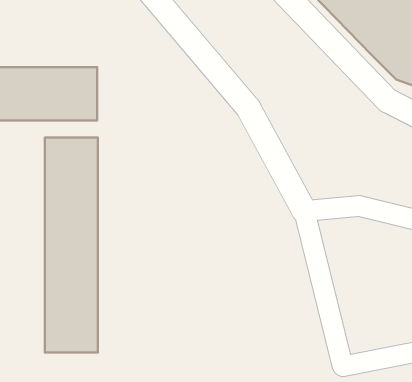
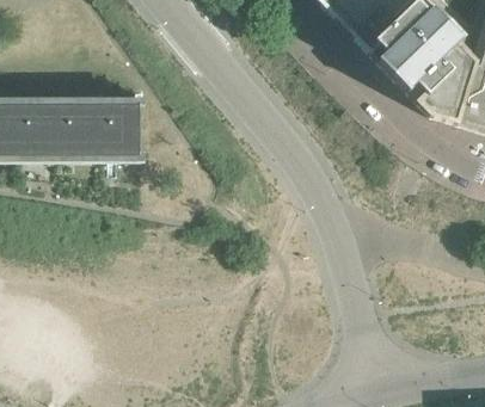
building: [45,137,98,353] -> none

